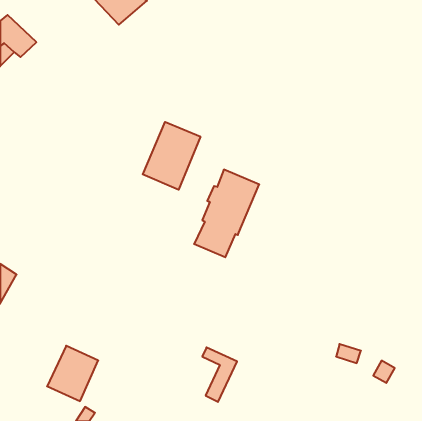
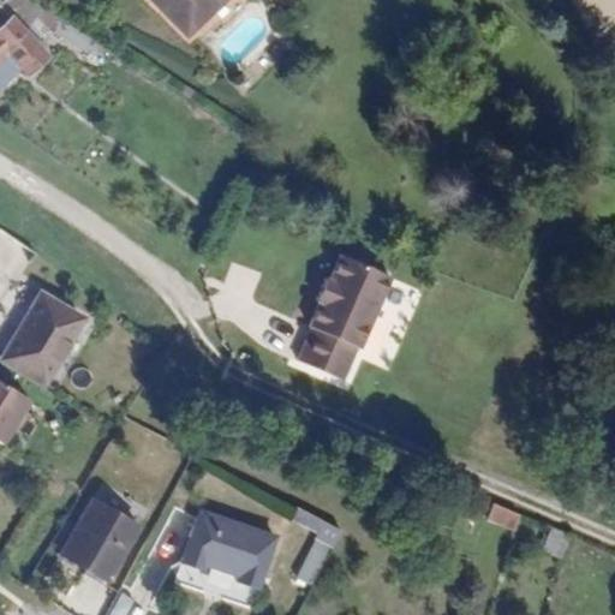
building: [143,122,200,190] -> none
building: none -> [8,301,80,374]
building: none -> [196,514,283,589]

